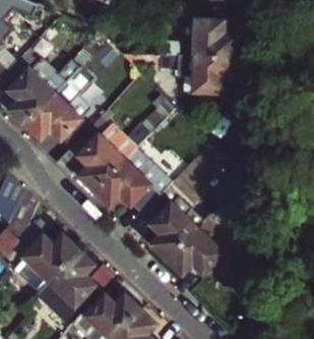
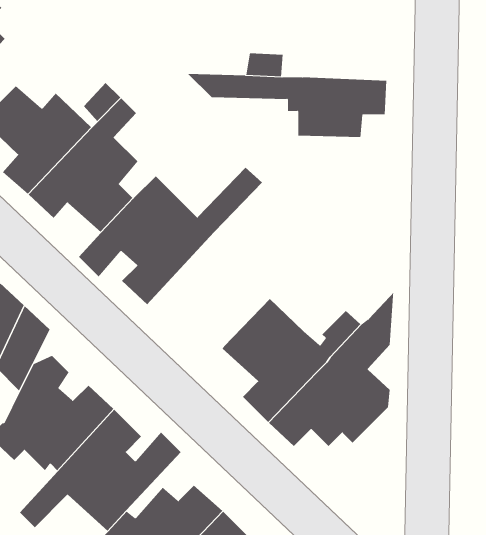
building: [186,20,236,57] -> none
building: [95,147,171,214] -> none

